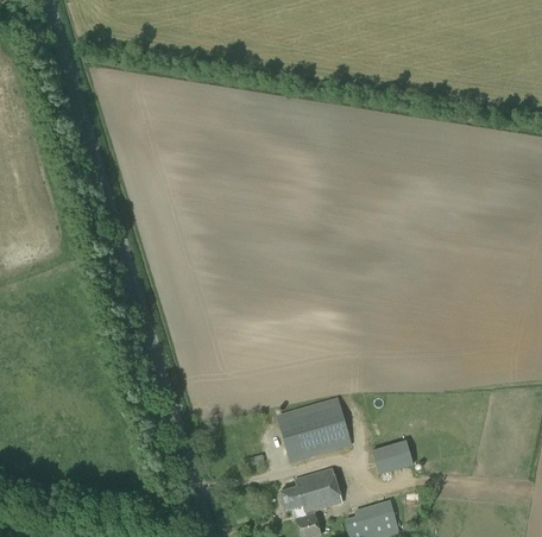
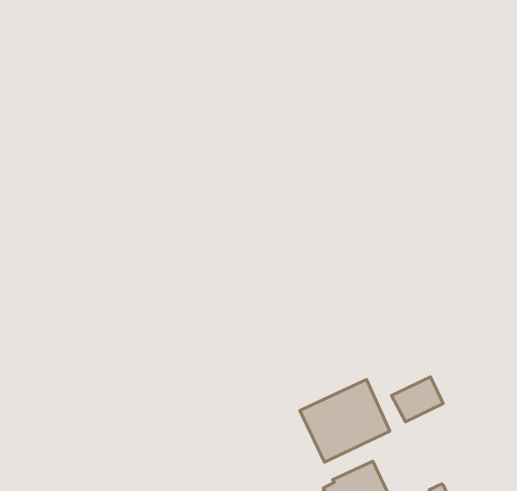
building: [370,440,414,475] -> [392,377,443,422]

